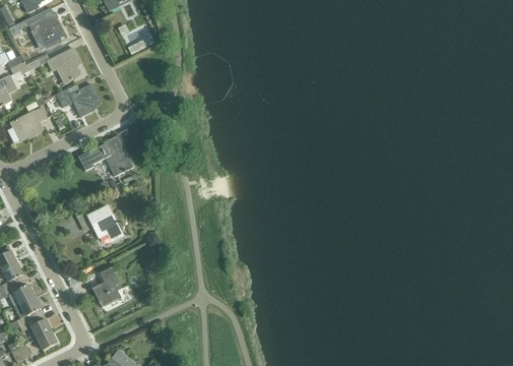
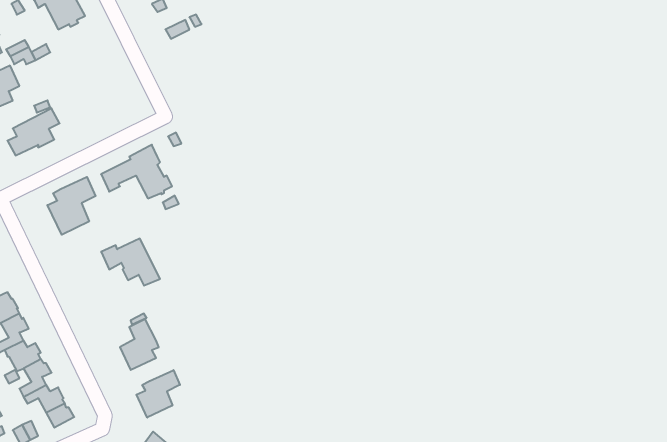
building: [46,48,85,83] -> none
building: [55,84,100,116] -> none
building: none -> [47,177,96,235]
building: none -> [136,370,180,418]

